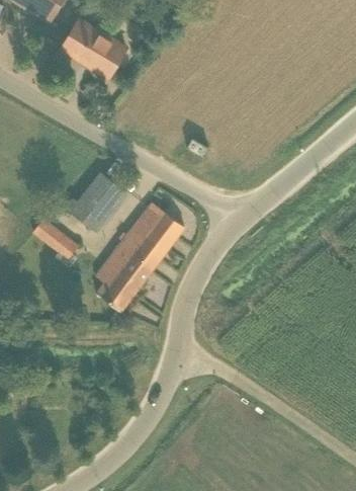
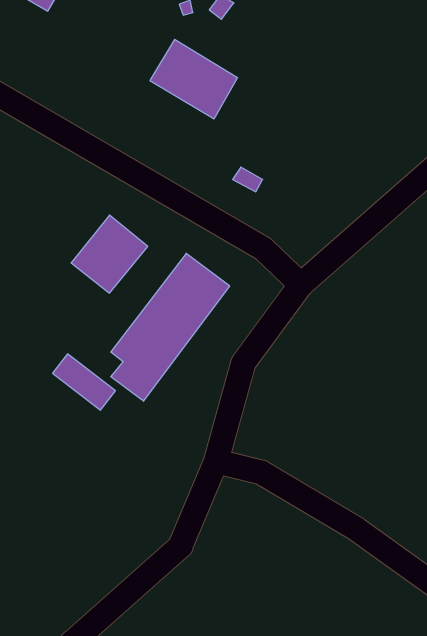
building: [61,18,125,77] -> [150,39,238,119]
building: [32,219,79,260] -> [53,354,115,410]

